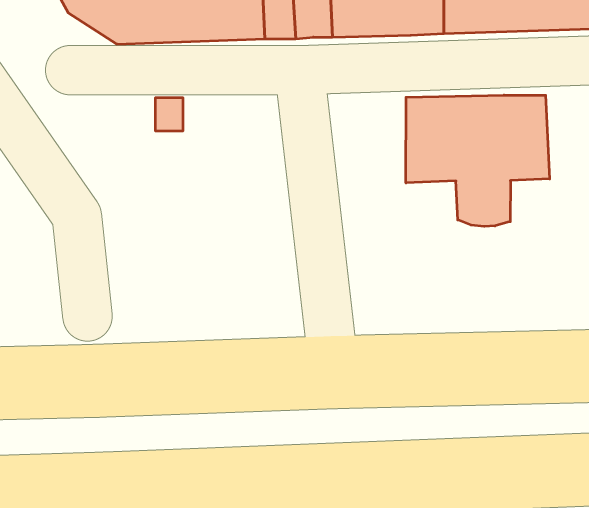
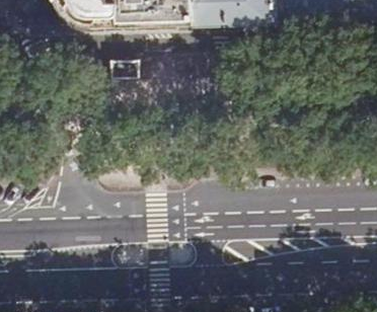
building: [406,95,550,226] -> none

